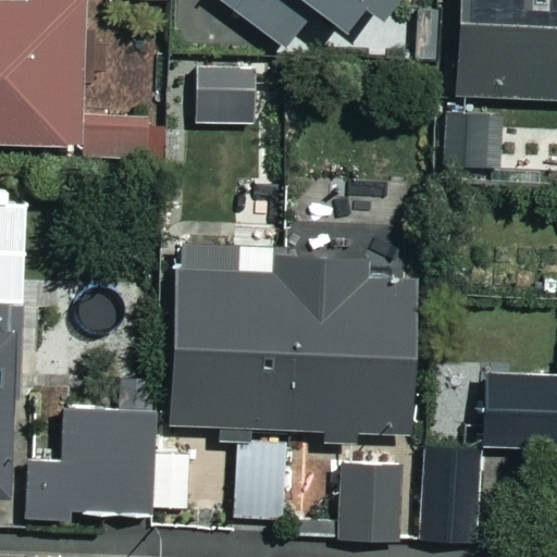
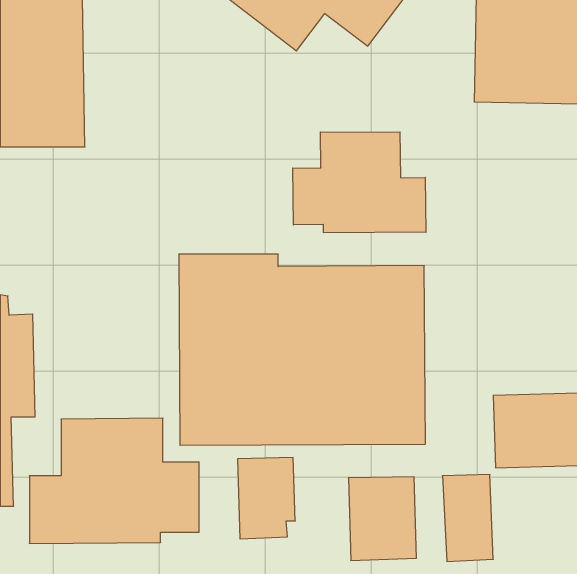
building: none -> [293,132,426,233]

